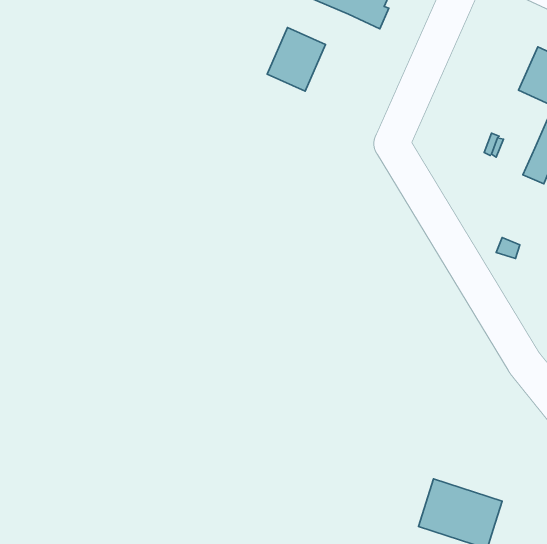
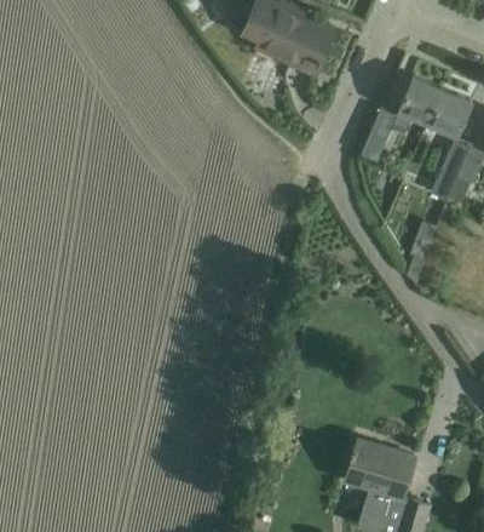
building: [267,28,325,91] -> none
building: none -> [362,75,444,160]

